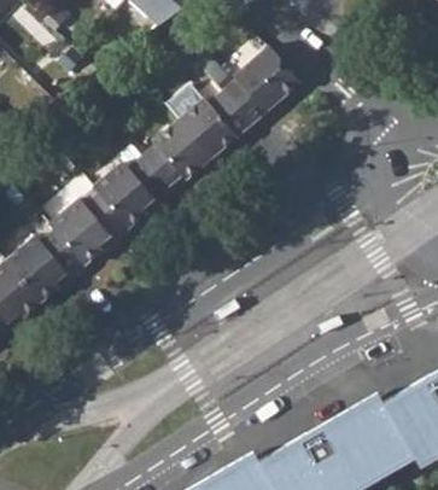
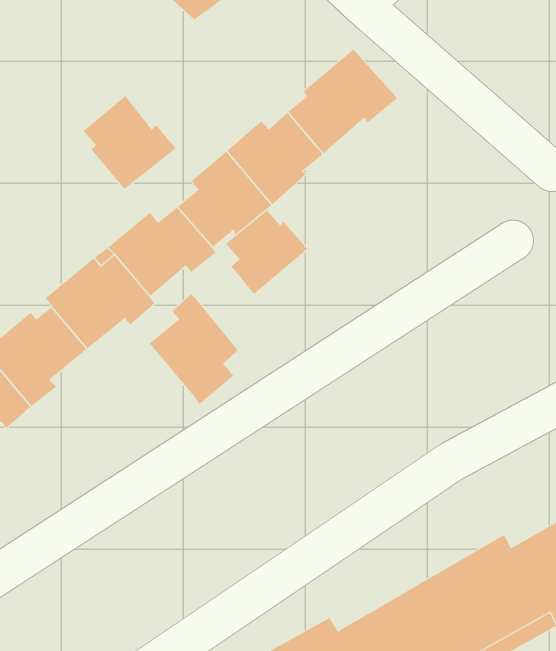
building: none -> [83,95,176,190]
building: none -> [225,209,308,295]
building: none -> [149,293,239,405]

